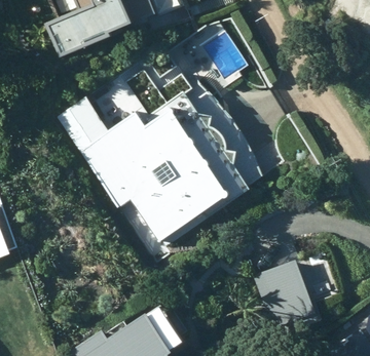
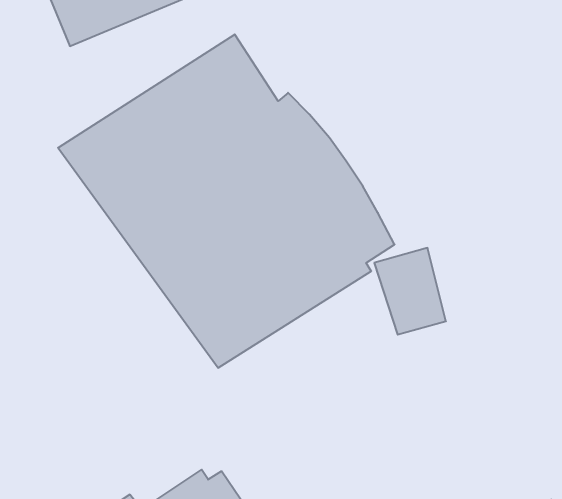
building: [270,266,314,319] -> [374,248,446,335]

